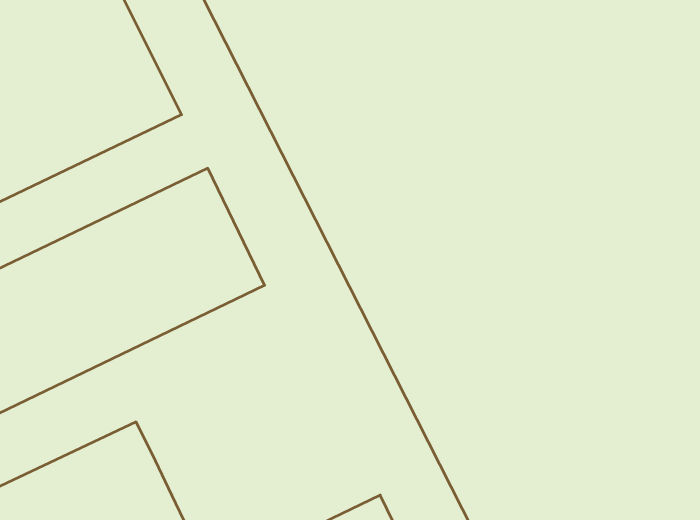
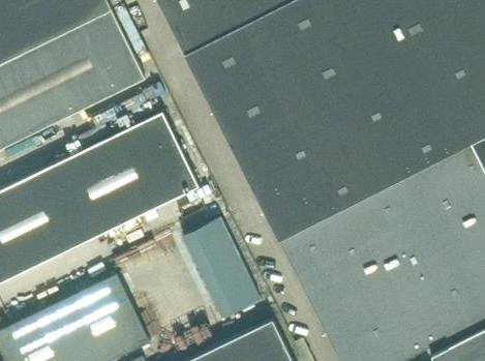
building: none -> [185,224,256,324]

